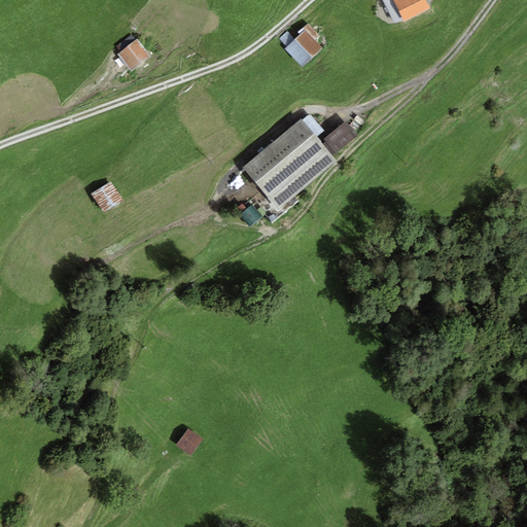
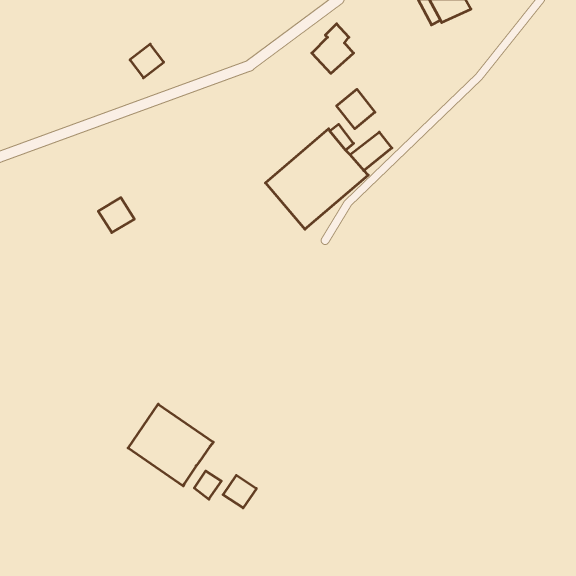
building: none -> [337,89,375,129]
building: none -> [128,404,213,486]
building: none -> [223,475,256,508]

